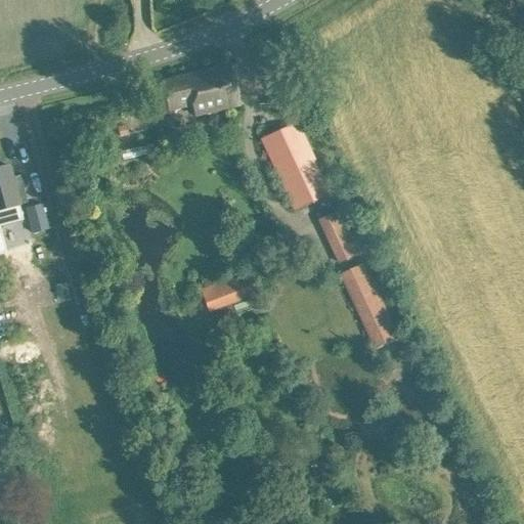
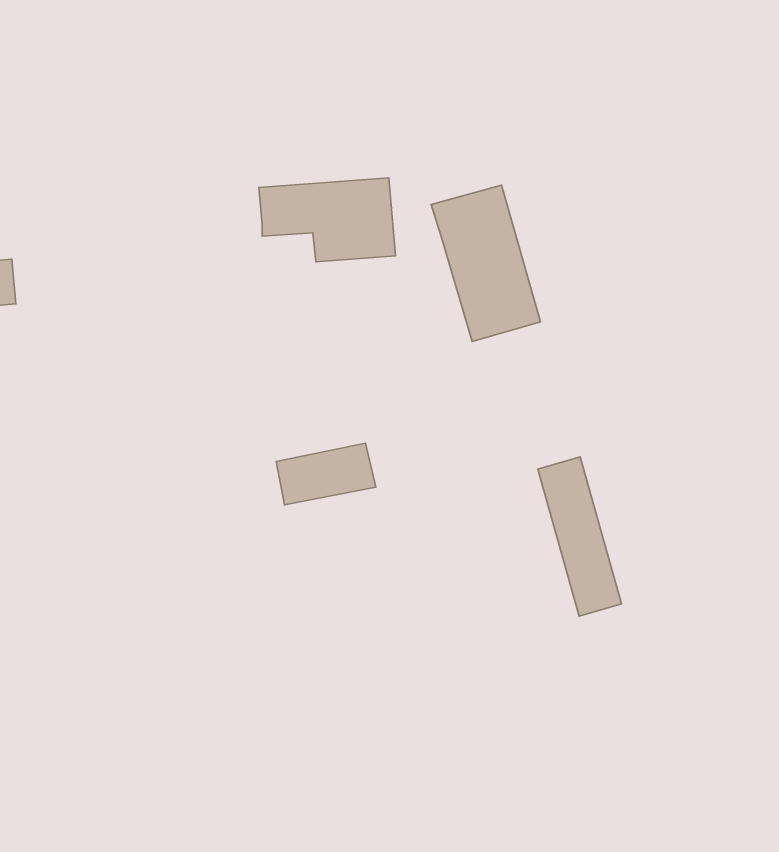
building: [160,67,238,118] -> [259,178,395,262]
building: [316,208,357,263] -> none

